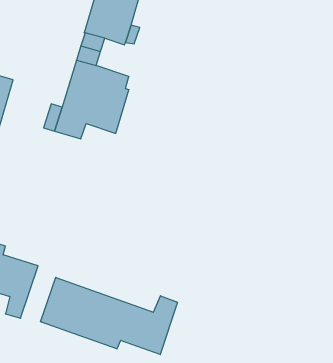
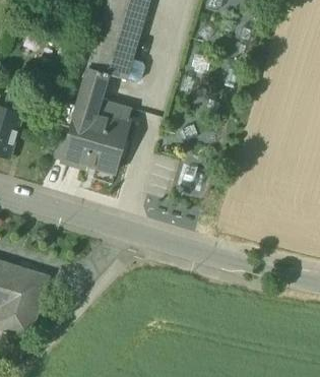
building: [40,277,178,355] -> none

